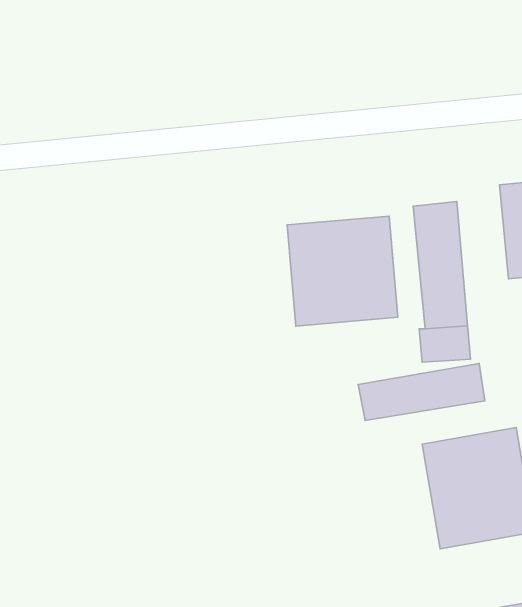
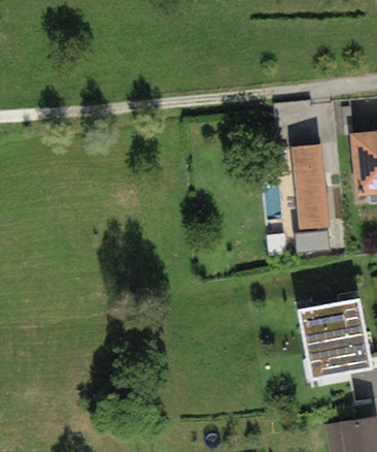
building: [287,216,398,326] -> none
building: [358,363,485,420] -> none

